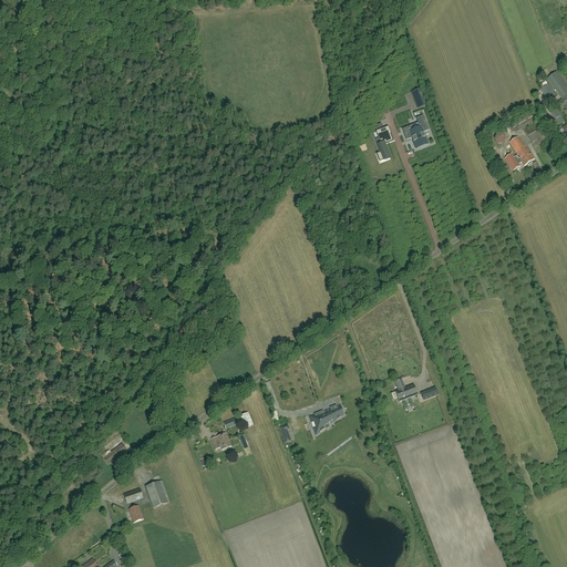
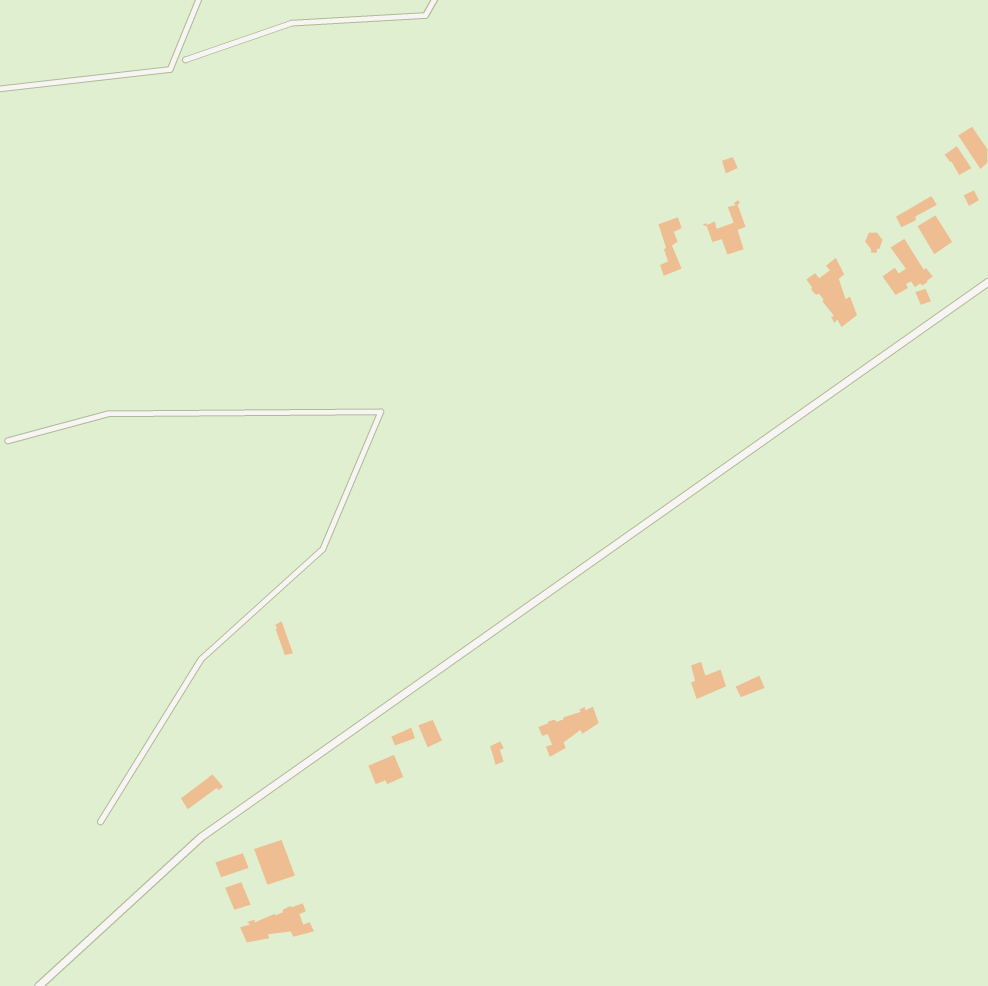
building: none -> [805,257,858,328]
building: none -> [239,902,315,943]

